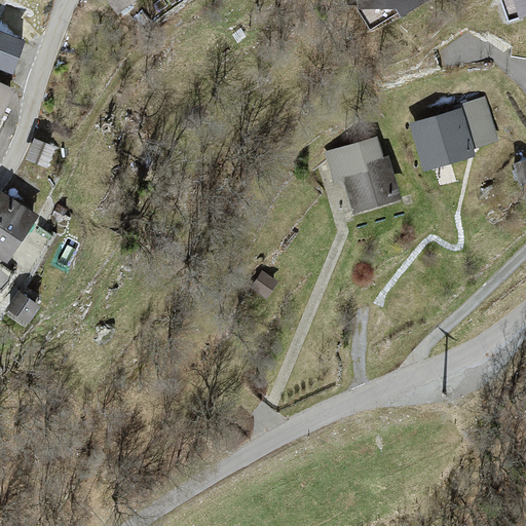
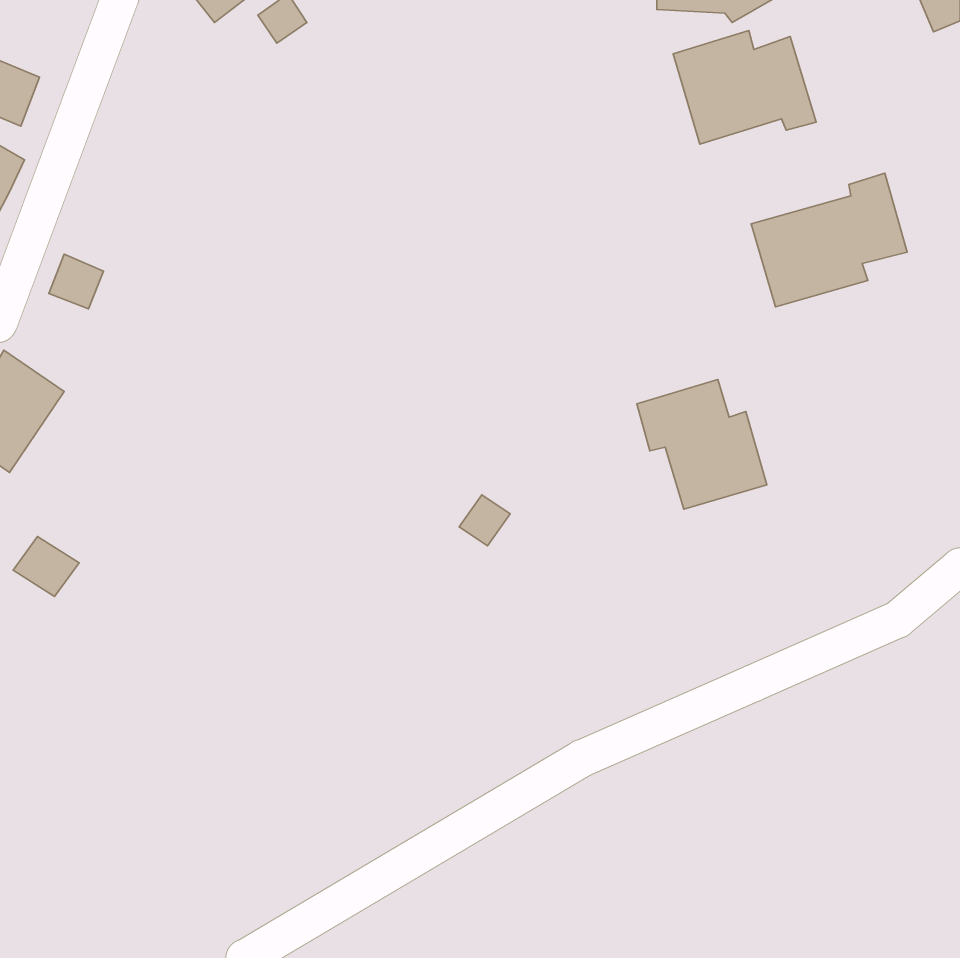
building: none -> [673,31,816,144]
building: [328,139,399,210] -> [637,379,767,509]

